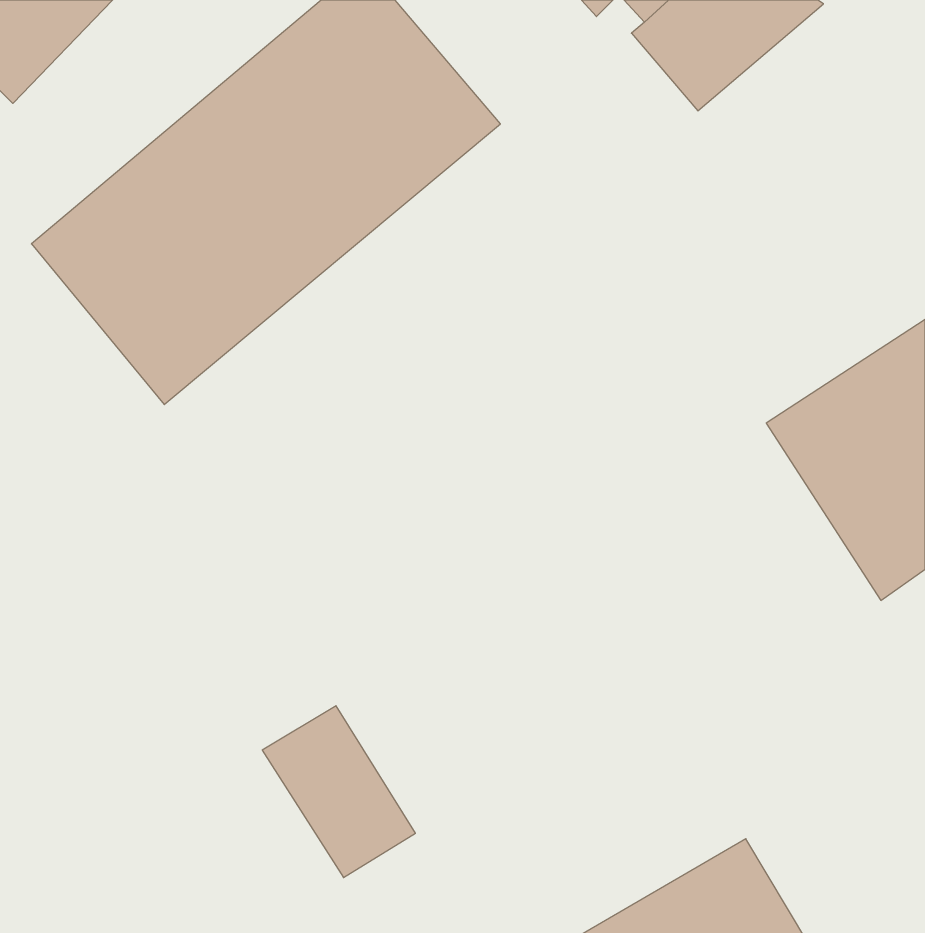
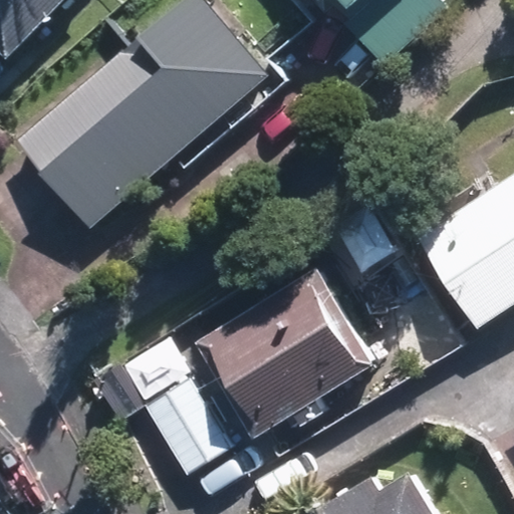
building: none -> [193,267,376,439]

